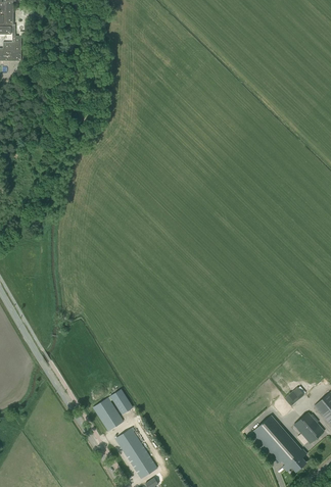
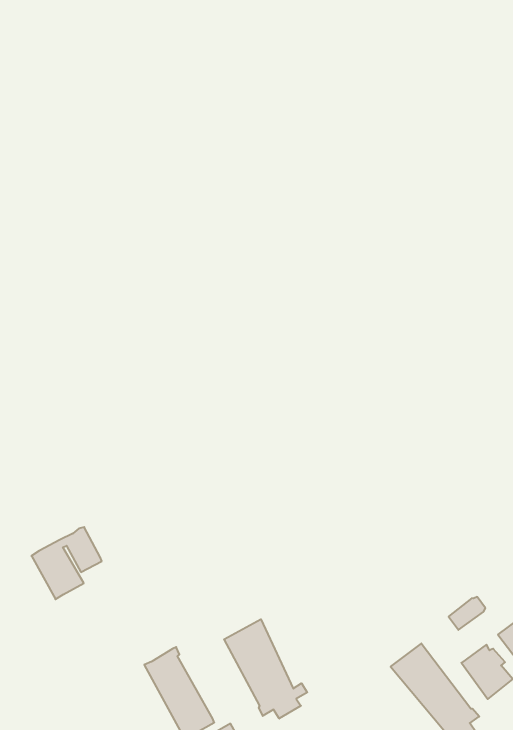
building: [93,389,133,431] -> [31,527,102,599]
building: none -> [224,619,307,719]

